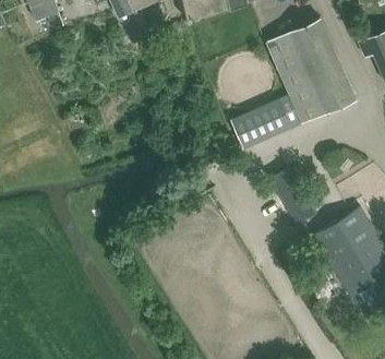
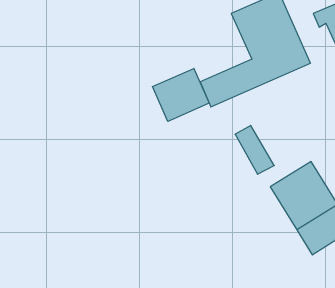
building: none -> [153,68,209,121]

